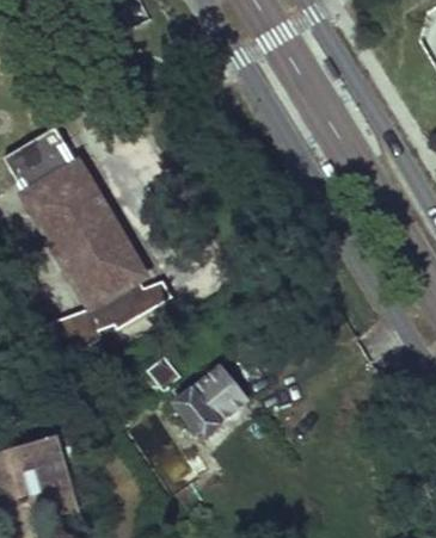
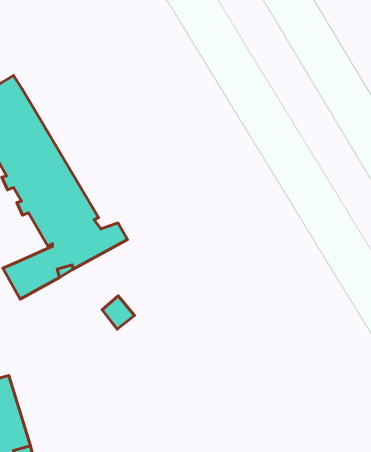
building: [176,366,246,437] -> none

